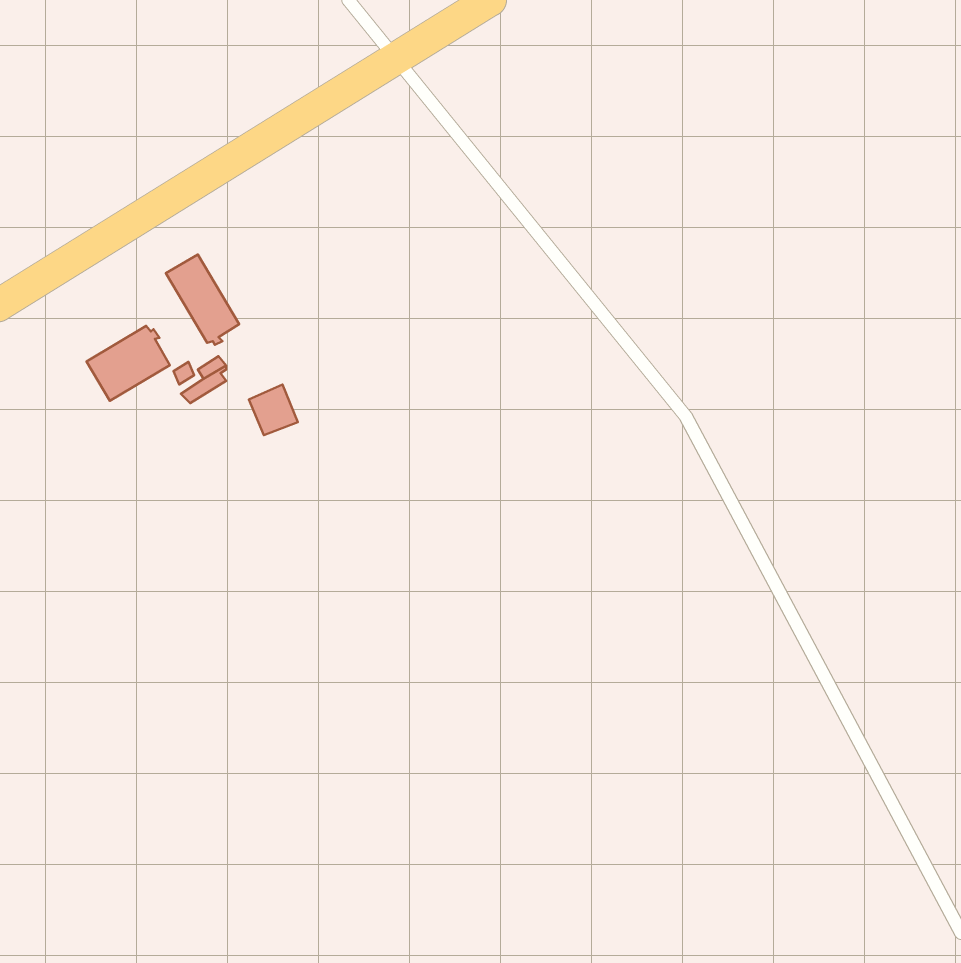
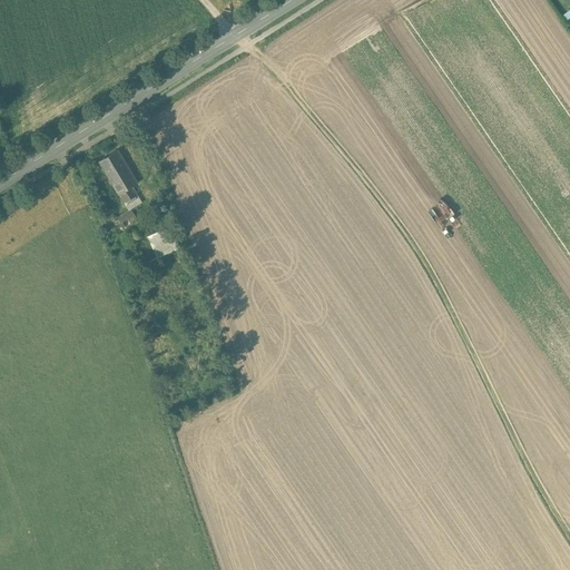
building: [86,326,170,401] -> none

